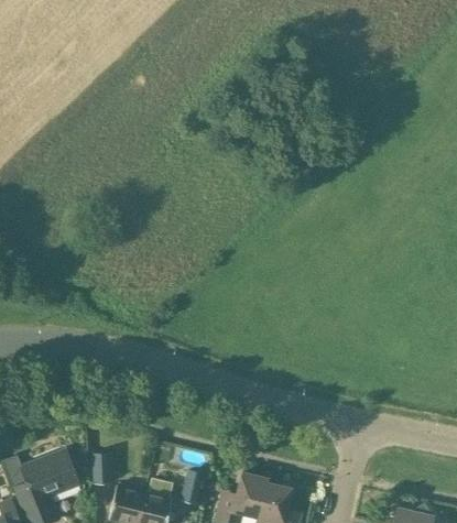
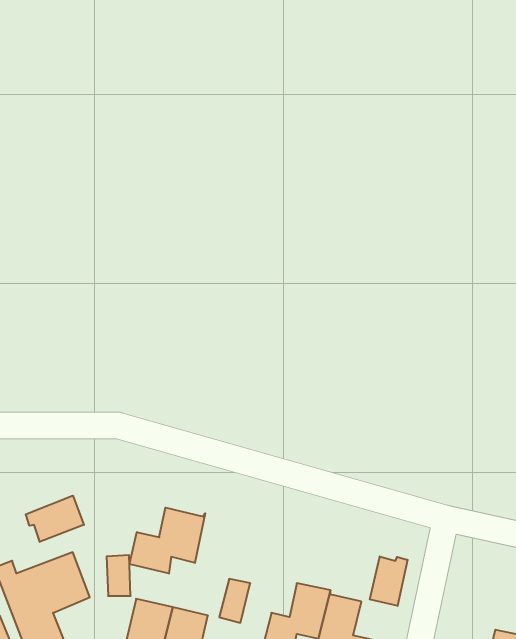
building: none -> [26,496,84,542]
building: none -> [129,508,205,574]
building: none -> [370,556,408,606]

